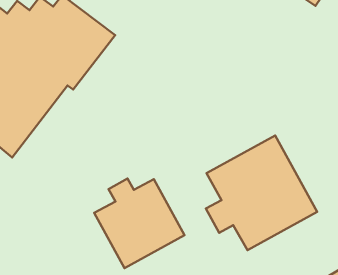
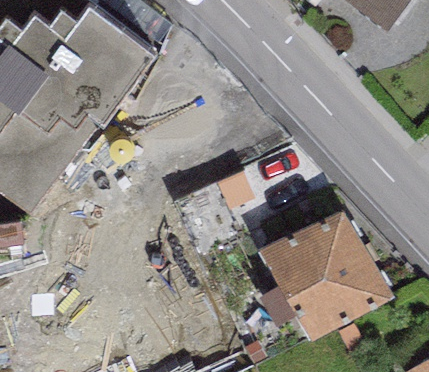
building: [94,179,185,268] -> none

